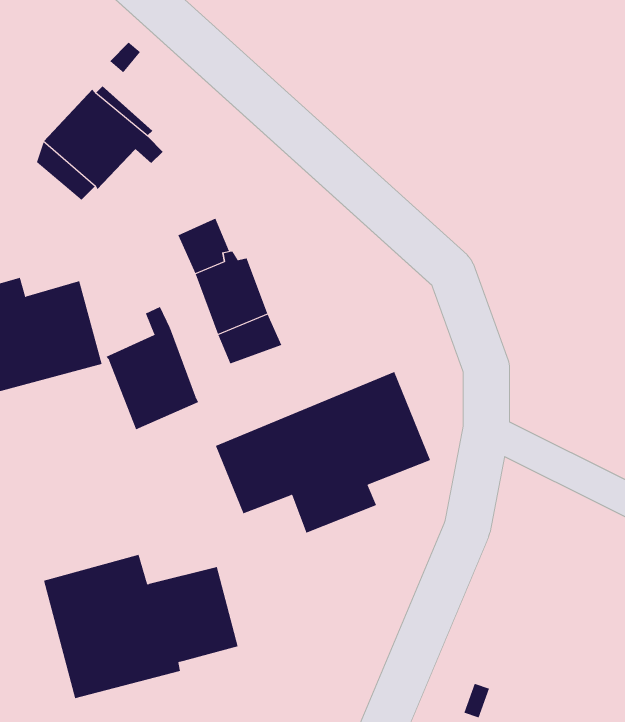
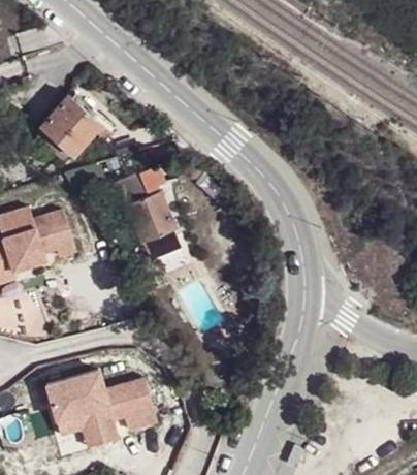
building: [105,306,199,430] -> none
building: [215,371,431,533] -> none

